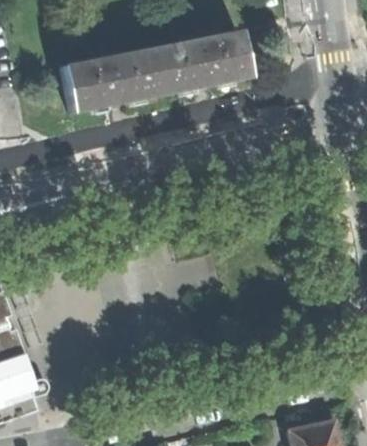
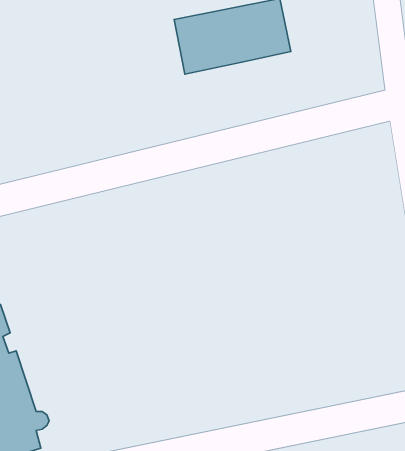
building: [66,50,163,114] -> none

